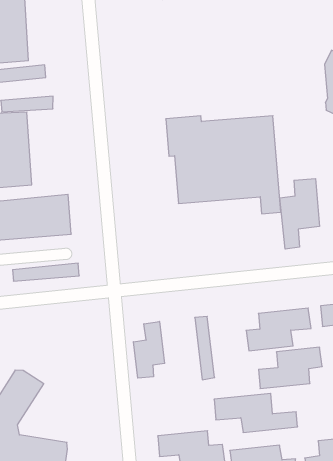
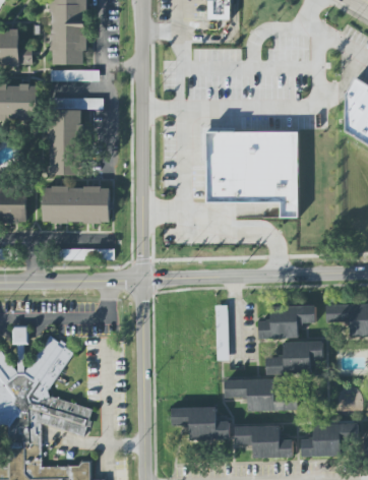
building: [280,179,319,249] -> none
building: [133,321,165,378] -> none

